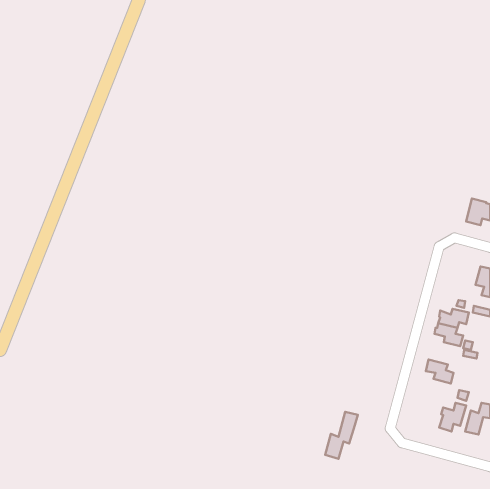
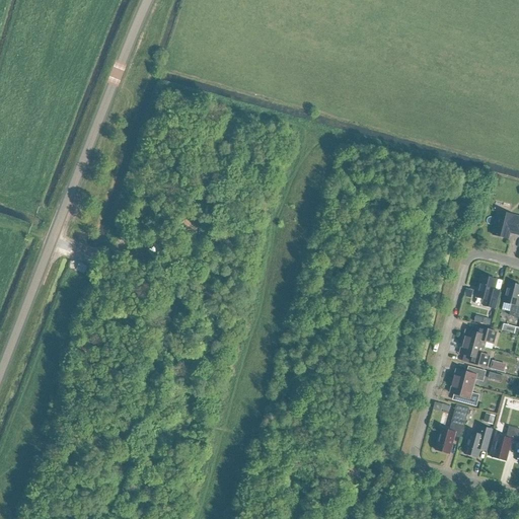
building: none -> [476,275,498,307]
building: none -> [453,365,486,385]
building: [325,412,358,459] -> [435,403,469,453]

